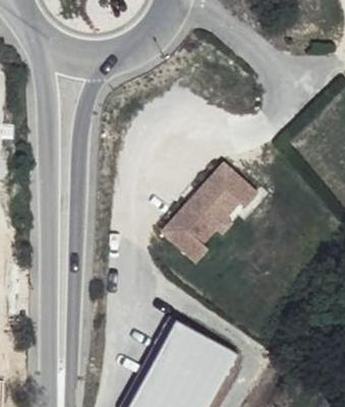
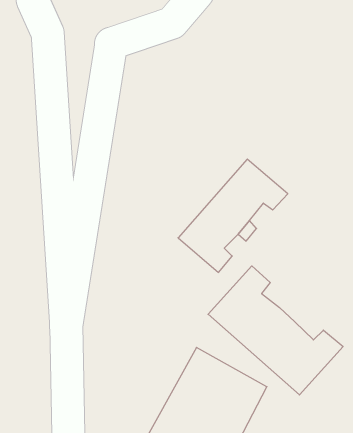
building: none -> [208,266,343,395]

